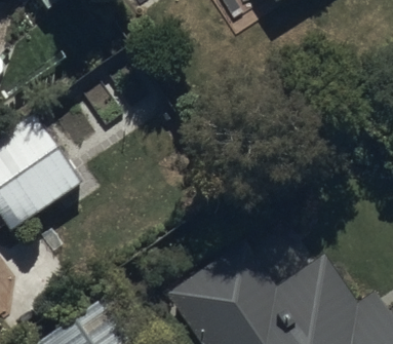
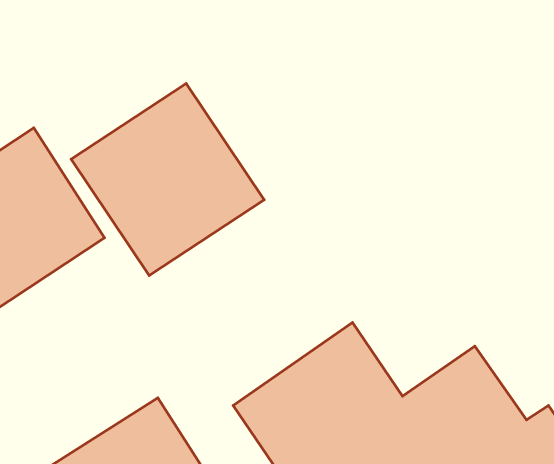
building: none -> [71,84,264,276]

